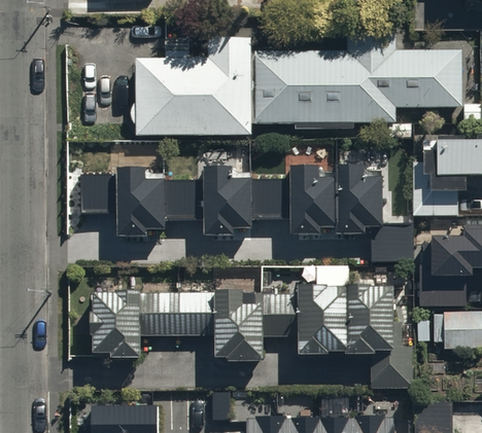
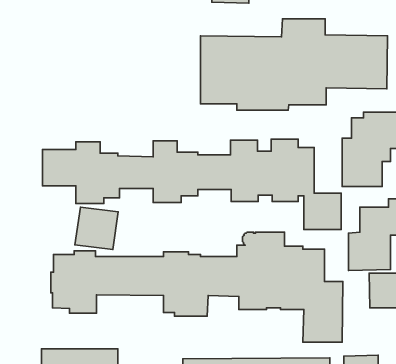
building: [139,37,251,135] -> none
building: none -> [75,207,118,249]

